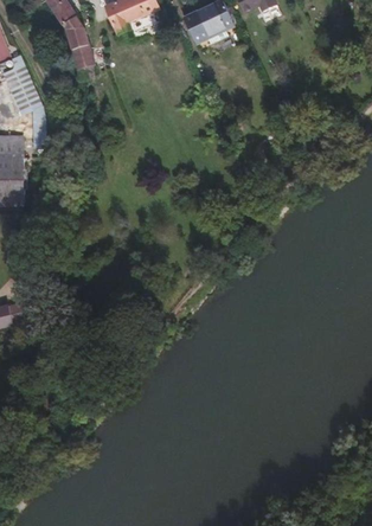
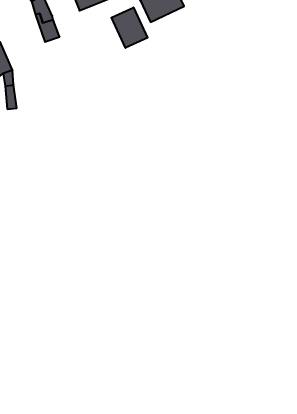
building: none -> [111,7,148,48]

